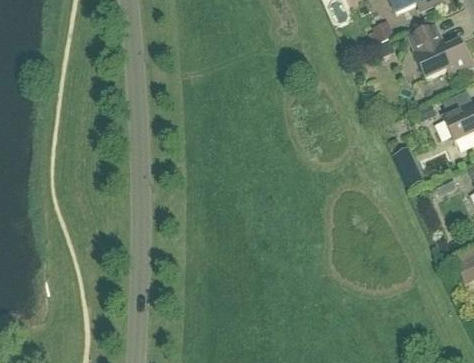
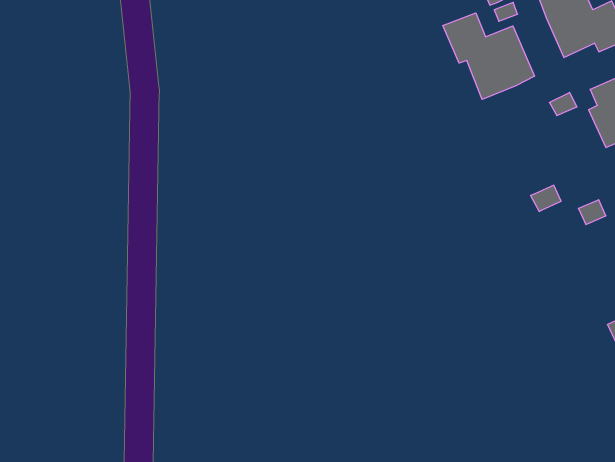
building: none -> [443,13,534,99]

